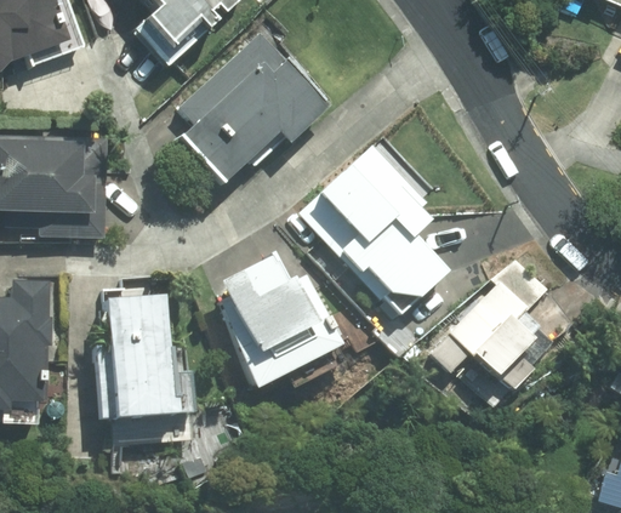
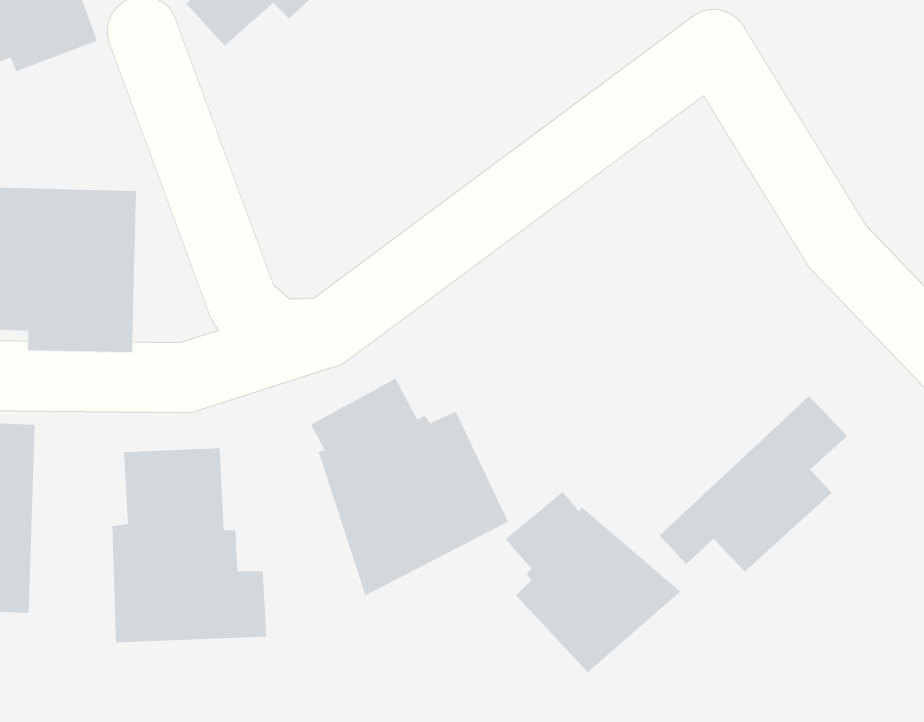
building: [177,35,325,184] -> none
building: [303,146,444,315] -> none
building: none -> [505,491,682,673]

